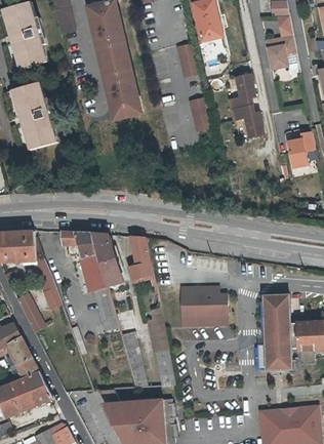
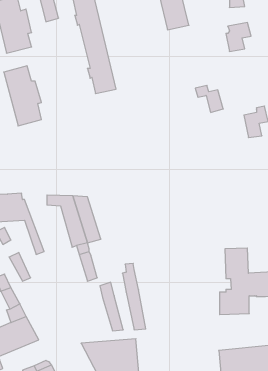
building: [173,45,195,79] -> none
building: [229,75,253,111] -> none
building: [187,98,209,132] -> none
building: [129,237,153,281] -> none
building: [179,288,228,328] -> none

